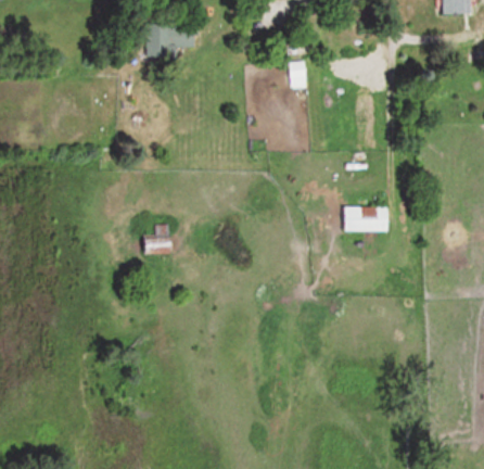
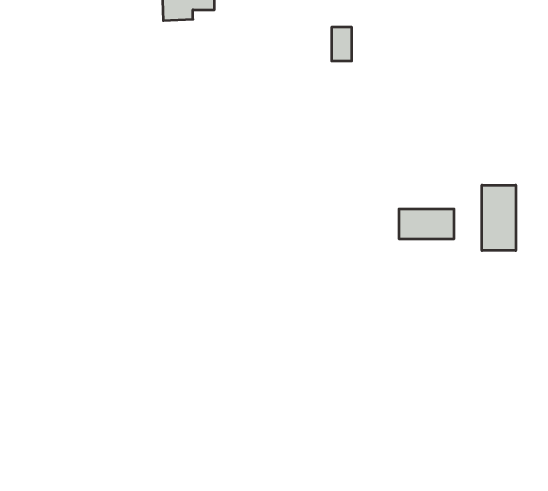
building: none -> [482,185,516,251]
building: [144,224,171,255] -> none

